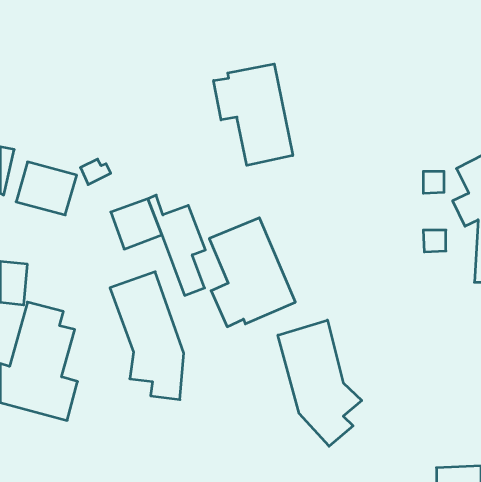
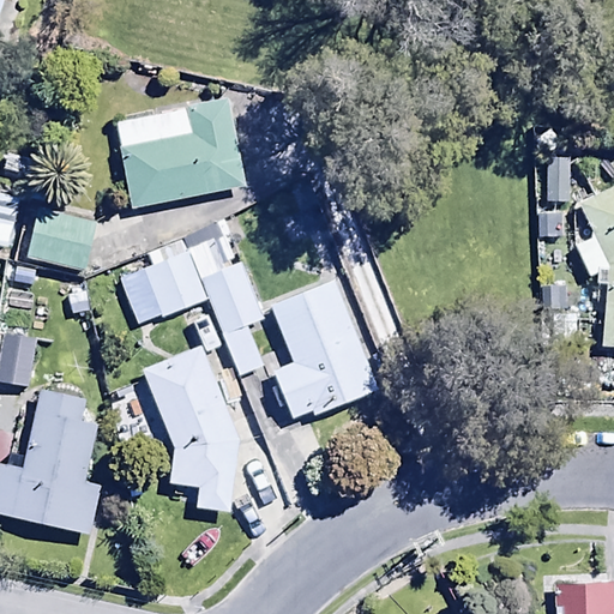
building: [214,64,293,165] -> none
building: none -> [115,100,245,207]
building: [278,320,362,446] -> none

